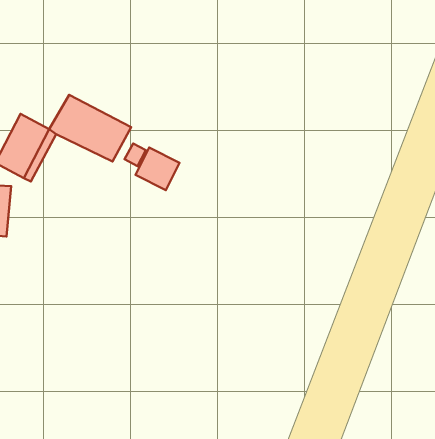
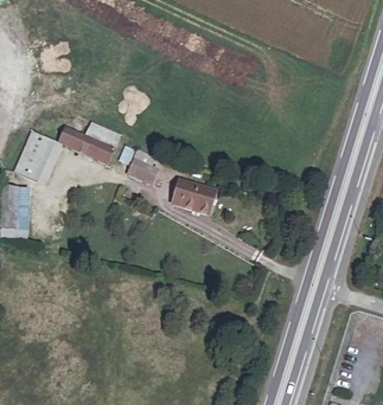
building: none -> [171,180,216,217]

